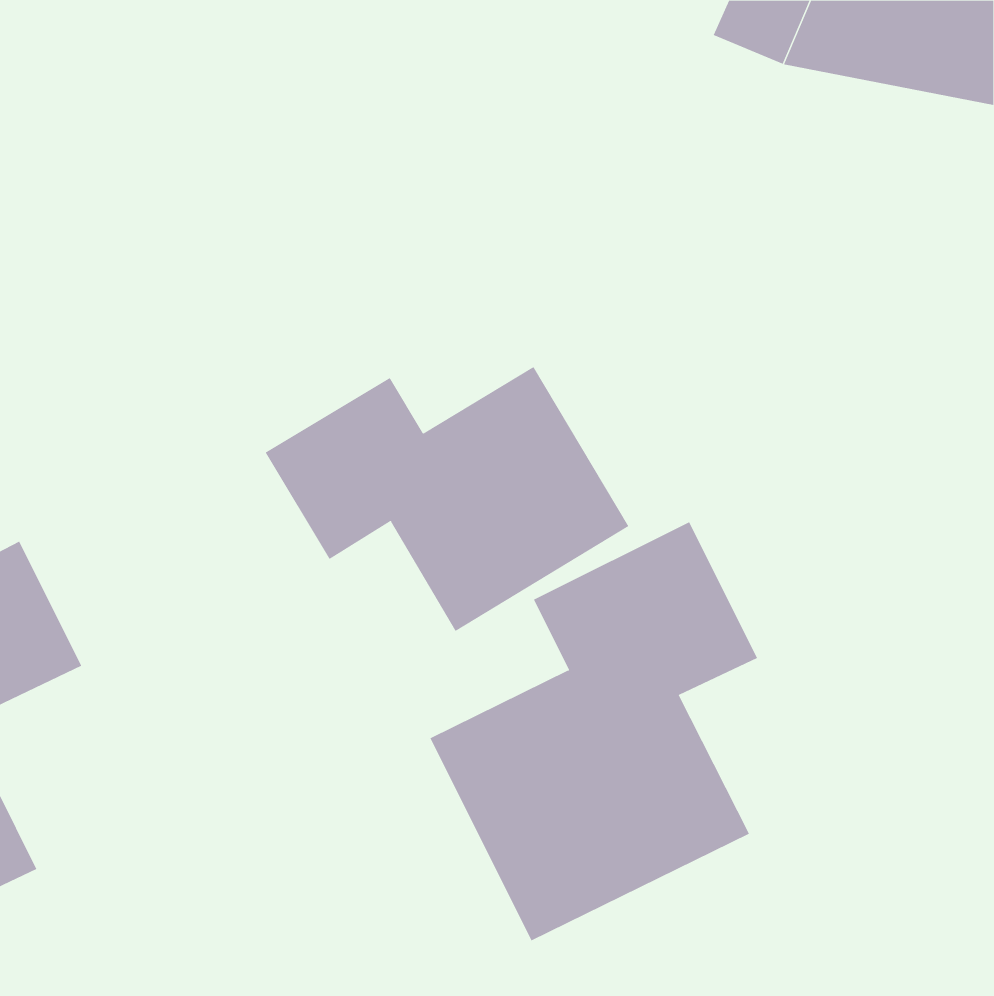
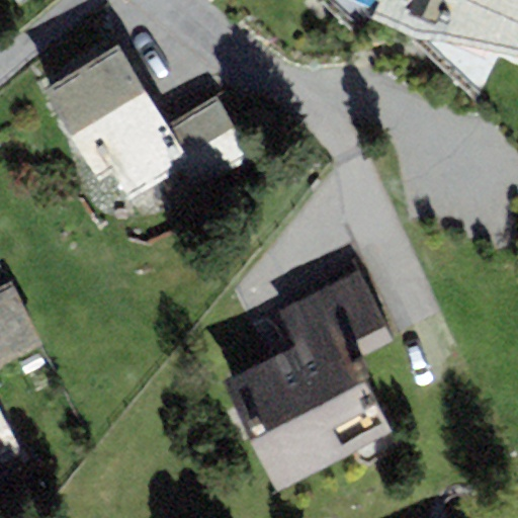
building: none -> [45,48,250,198]
building: [265,366,629,632] -> none

